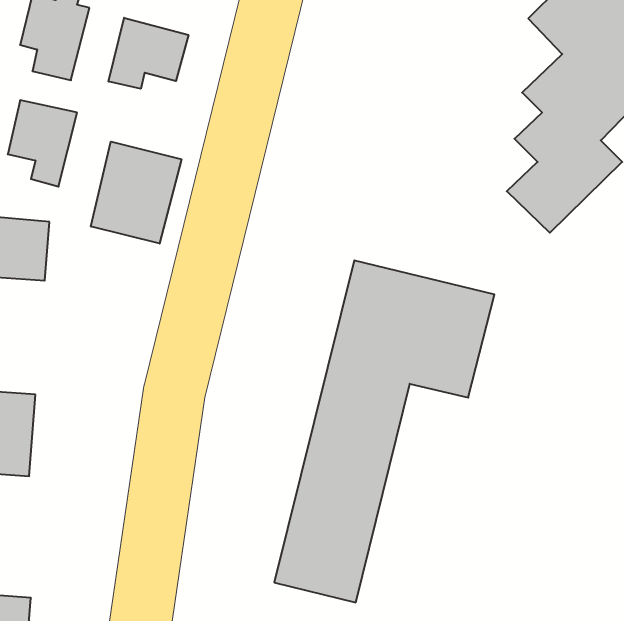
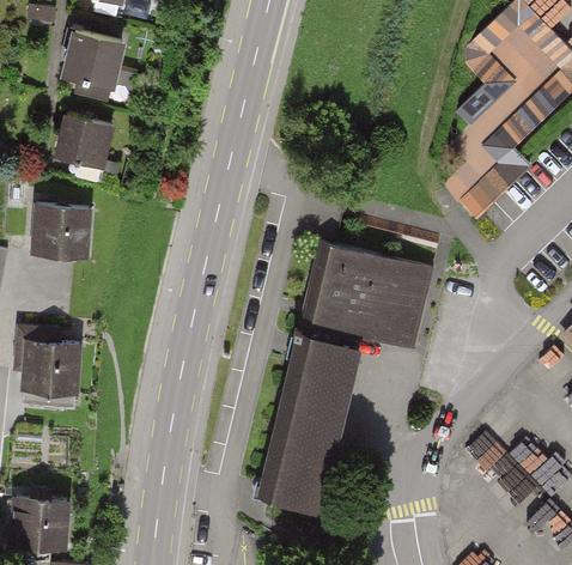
building: [109,18,188,89] -> none
building: [91,142,181,244] -> none

